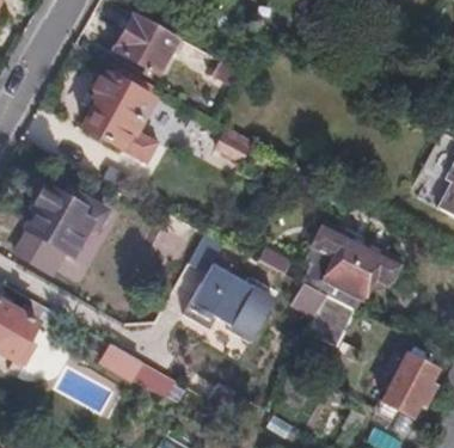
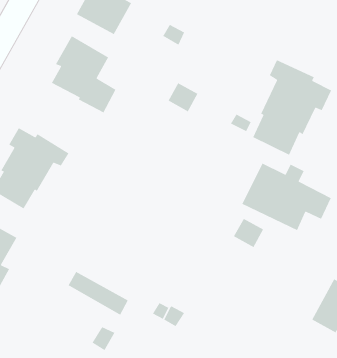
building: none -> [252,59,332,156]
building: [192,263,277,340] -> none
building: [308,296,356,345] -> none

